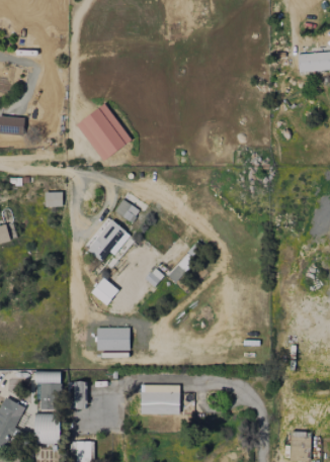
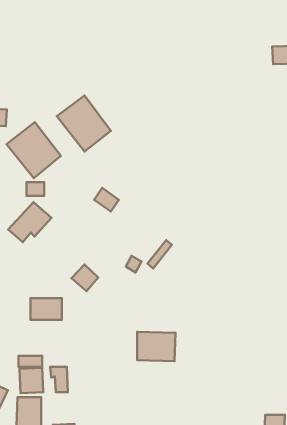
building: none -> [7,122,61,178]
building: [86,219,131,261] -> [8,202,51,242]
building: [97,328,130,350] -> [30,298,62,320]
building: [141,384,180,414] -> [137,332,175,361]

